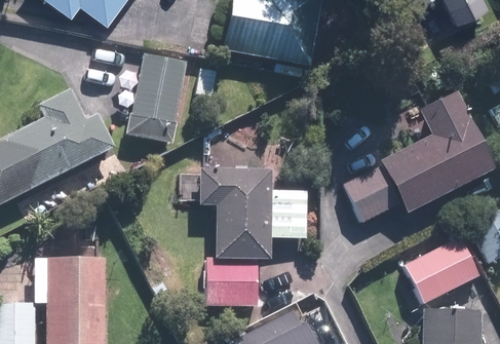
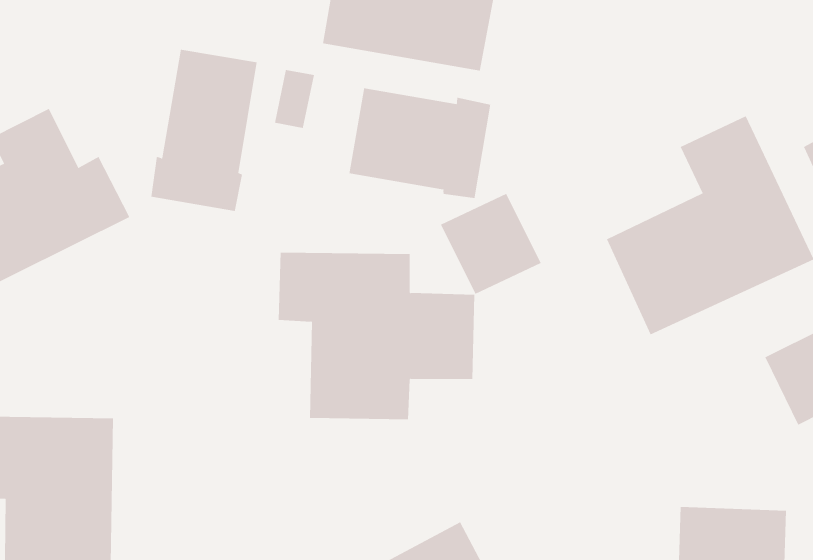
building: none -> [349,88,491,199]
building: [343,166,399,223] -> [440,193,541,294]
building: [403,237,480,304] -> none
building: [207,260,259,307] -> none

